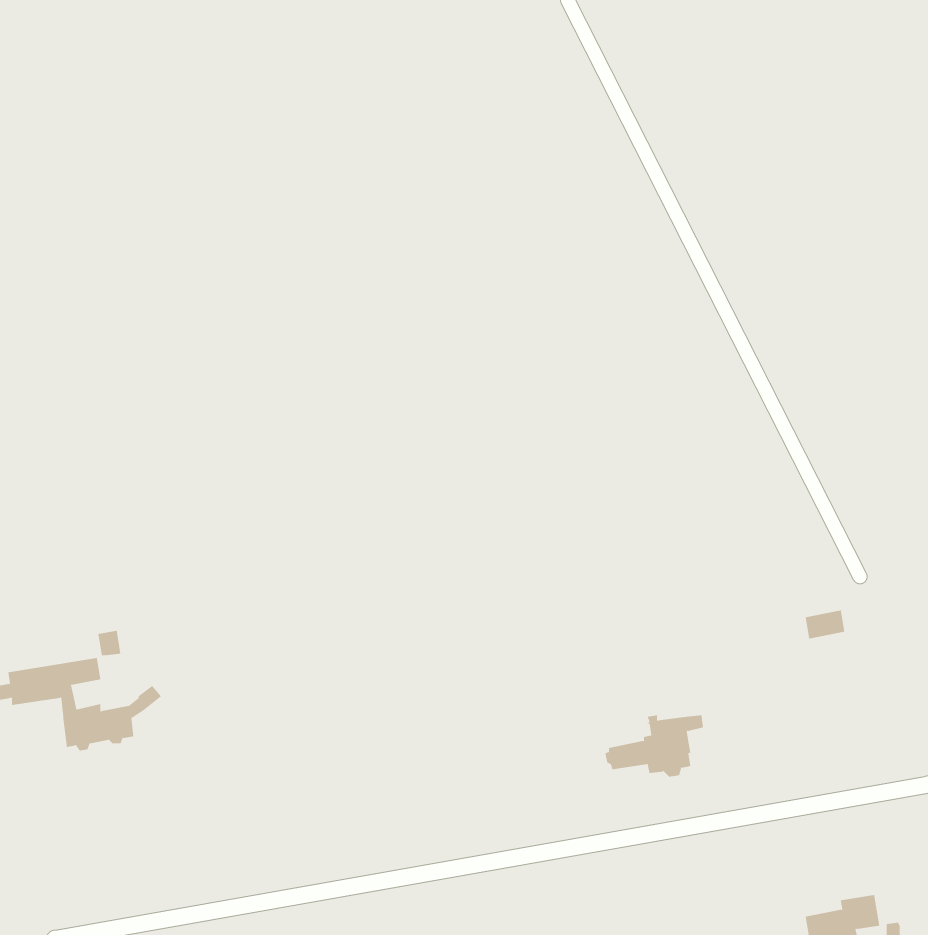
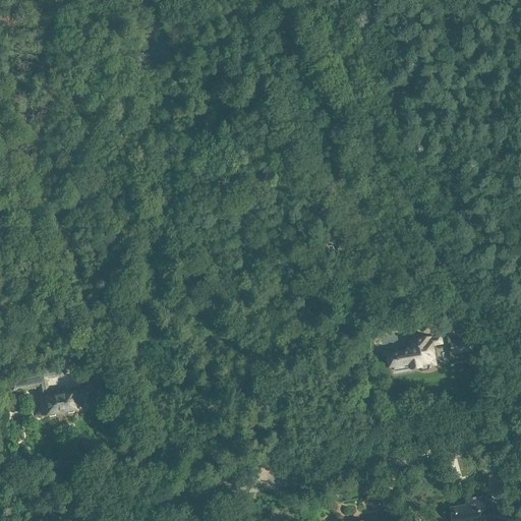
building: [605,715,704,777] -> [382,338,437,372]

